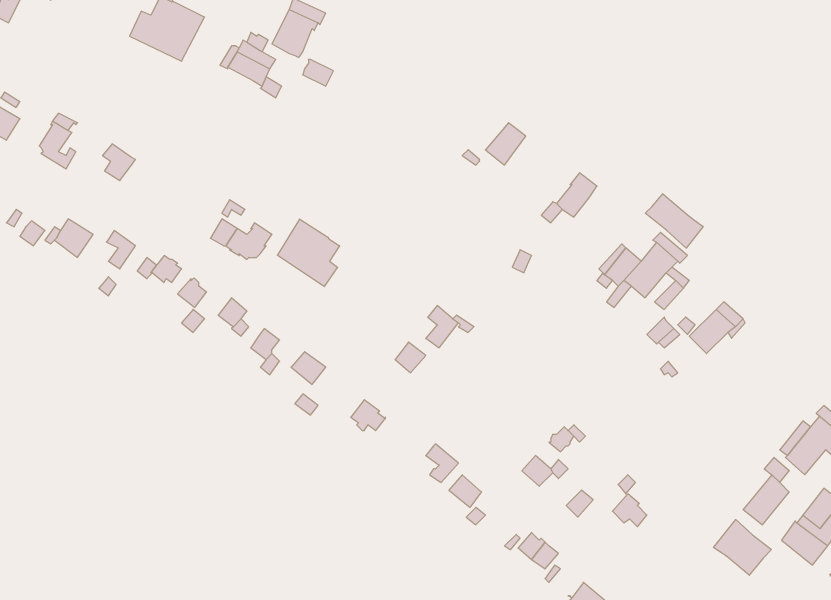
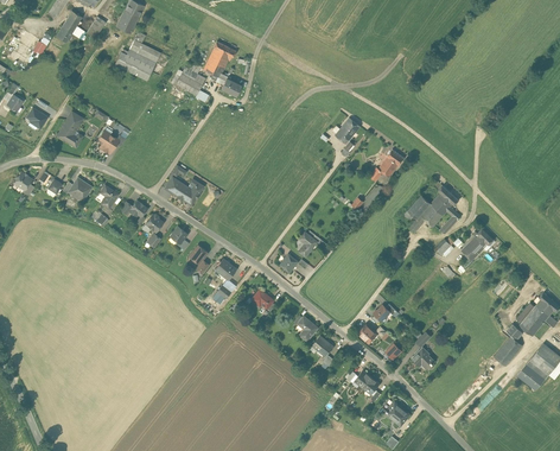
building: [645,194,703,248] -> none
building: [277,219,340,287] -> none
building: [714,520,771,575] -> none

